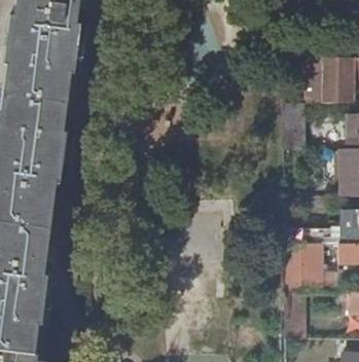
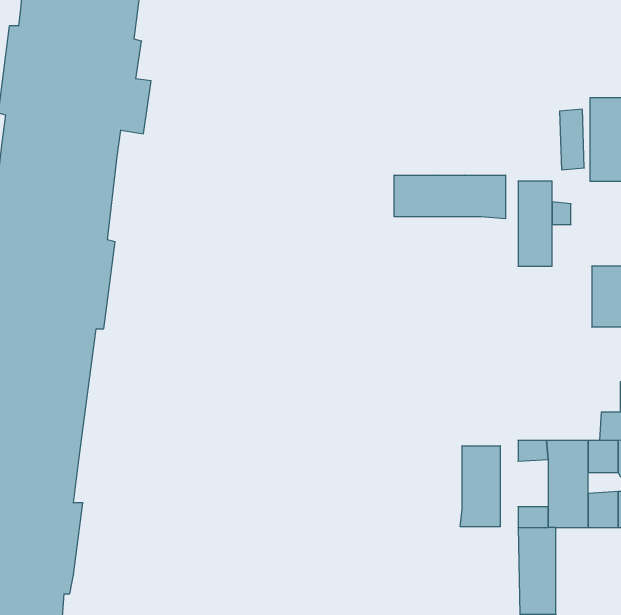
building: none -> [394,175,505,219]
building: none -> [460,446,500,527]

